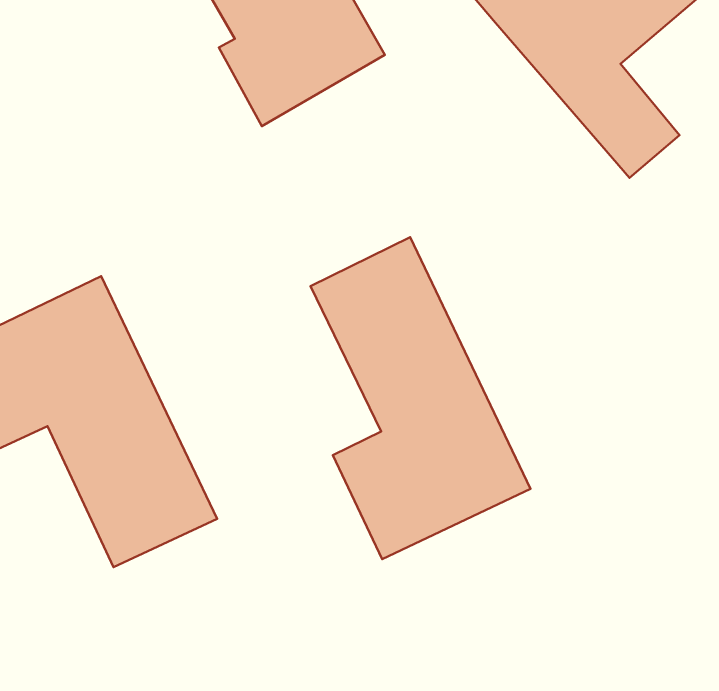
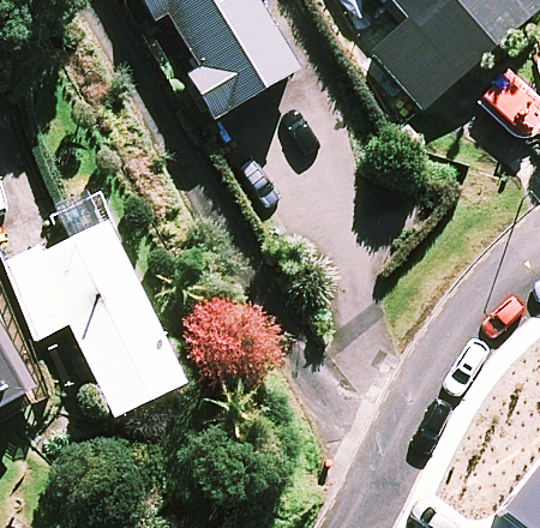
building: [310,237,531,559] -> none

